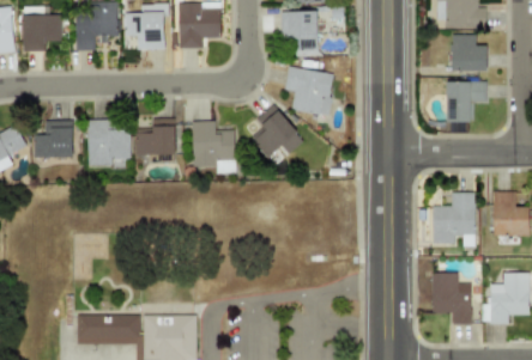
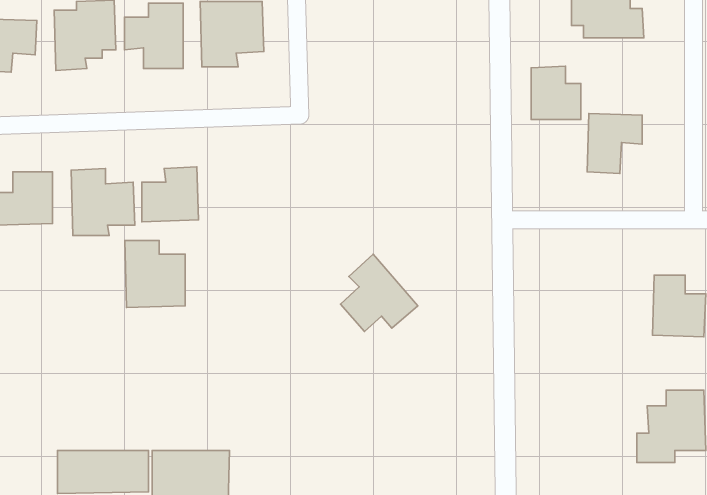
building: [280,11,319,56] -> none
building: [452,33,486,71] -> [531,66,581,119]
building: [286,67,333,114] -> none
building: [250,104,304,158] -> [340,254,418,332]
building: [192,121,234,167] -> [125,240,185,308]
building: [431,191,476,246] -> none
building: [430,271,471,324] -> none

